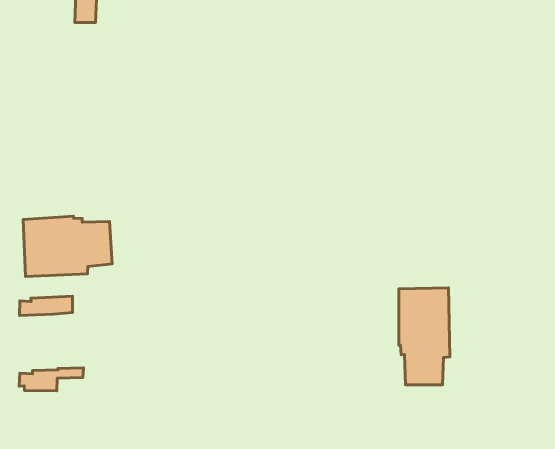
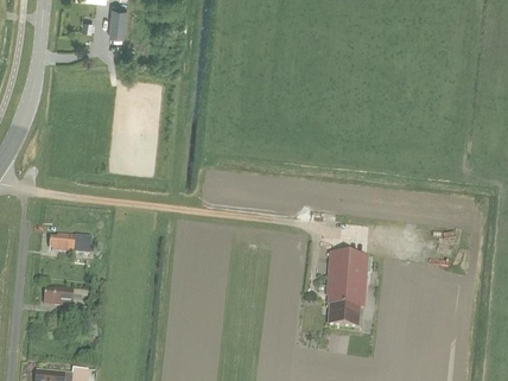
building: [23,216,112,277] -> none

